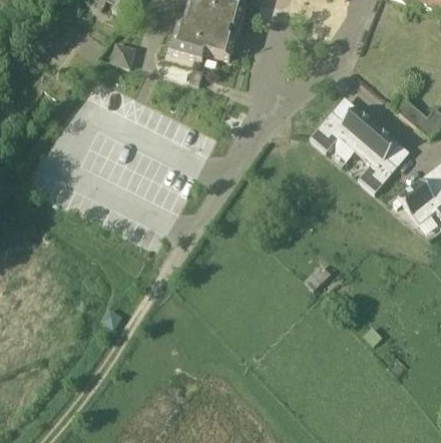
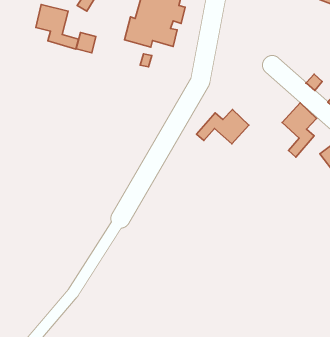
building: none -> [36,4,78,49]
building: [318,107,382,149] -> [196,110,249,144]

